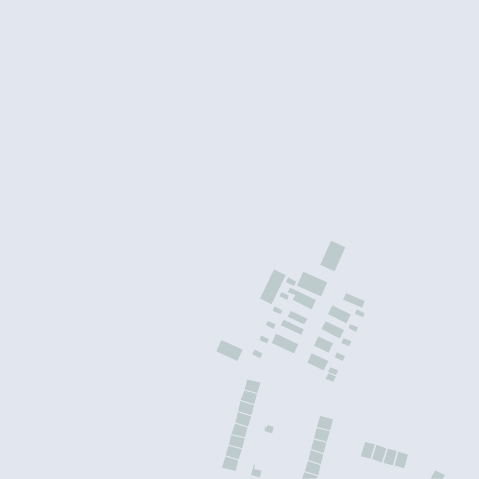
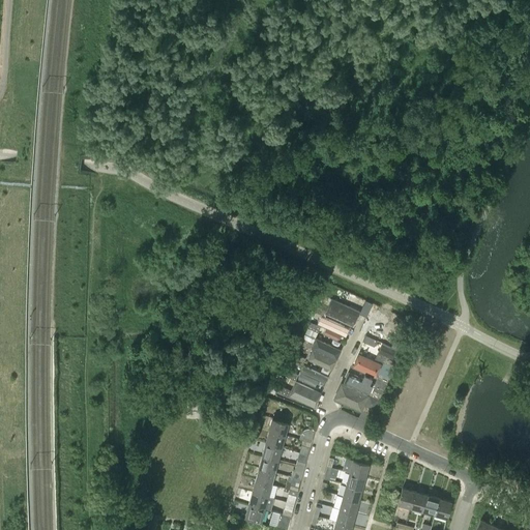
building: [319,240,346,272] -> none
building: [259,269,287,305] -> none
building: [215,339,243,362] -> [292,385,323,410]

